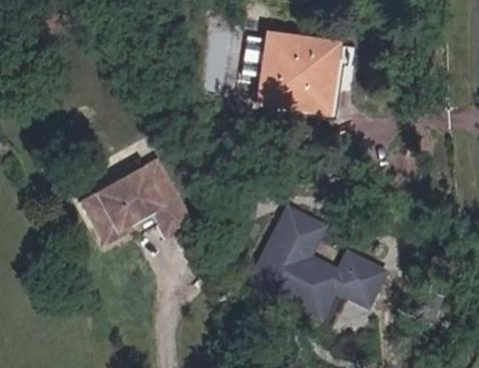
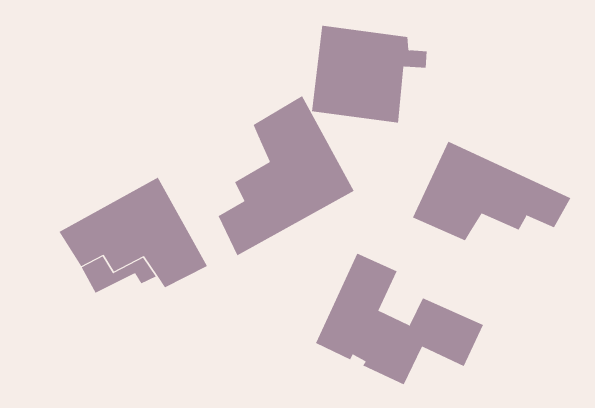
building: none -> [218,95,355,256]
building: none -> [412,141,571,241]

